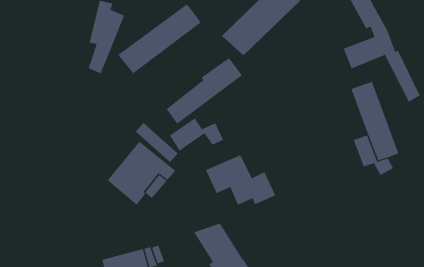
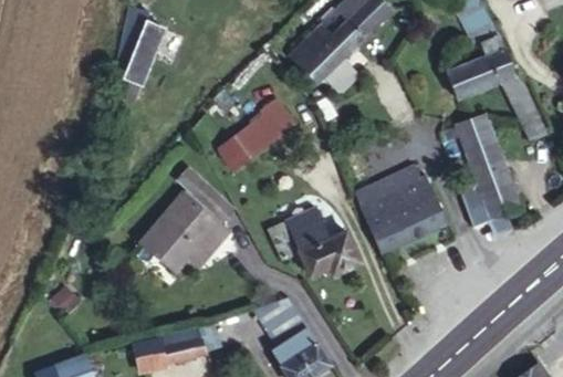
building: [118,4,201,74] -> none
building: [169,117,224,151] -> none
building: none -> [356,166,448,253]

